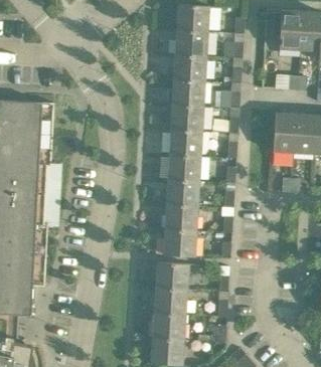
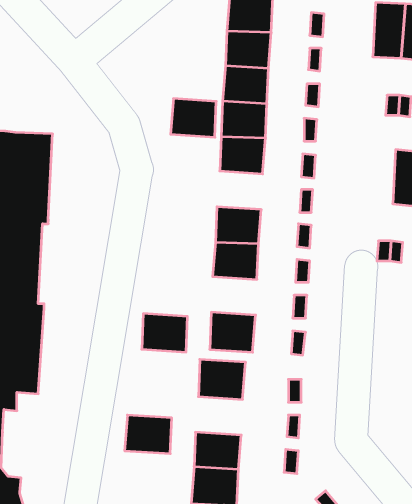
building: [272,113,294,152] -> none
building: [168,129,200,156] -> [171,99,216,137]
building: [164,203,196,230] -> [142,314,187,352]
building: [153,288,186,315] -> [125,415,172,454]

